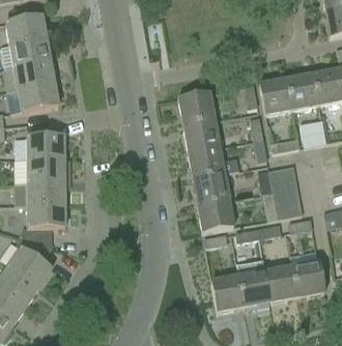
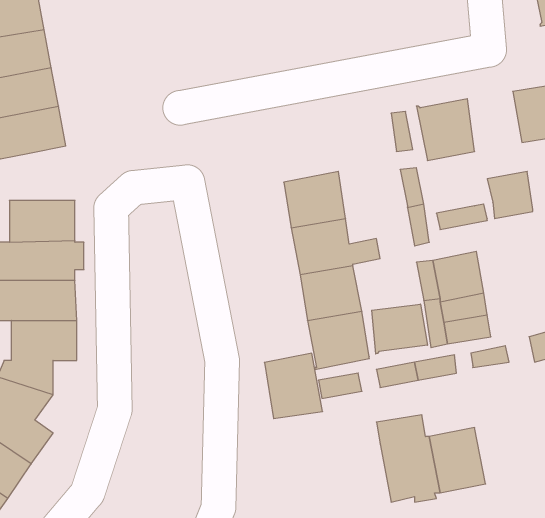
building: [288,74,319,108] -> none
building: [177,92,215,125] -> none
building: none -> [372,304,427,354]
building: [292,261,324,297] -> none
building: [211,275,245,312] -> [264,353,323,419]

